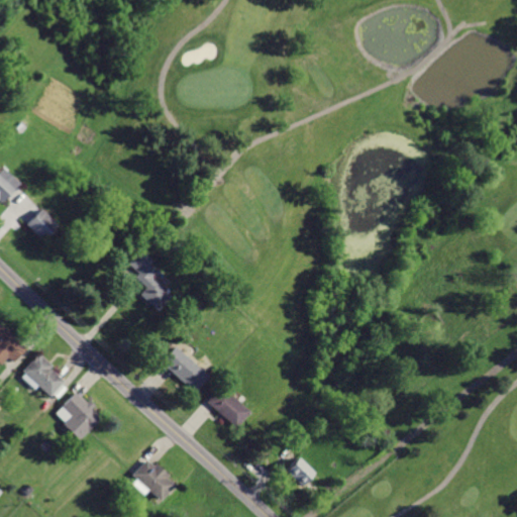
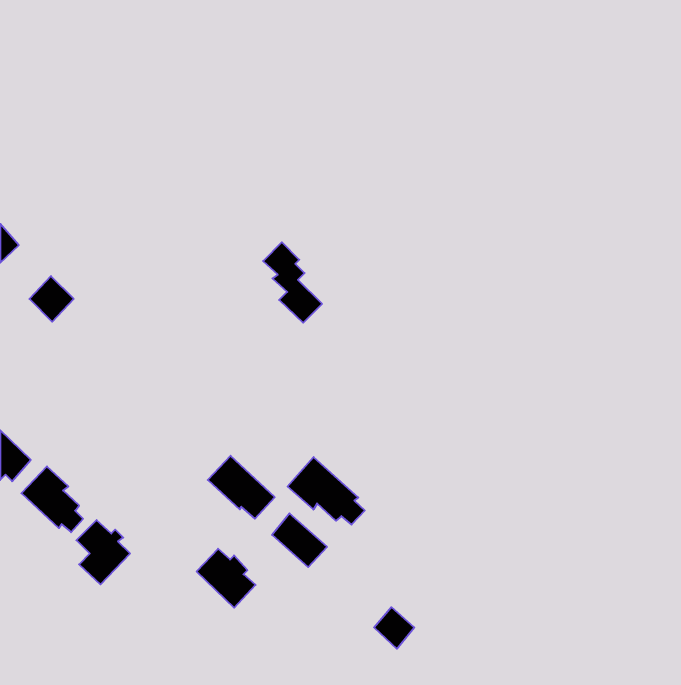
building: [126,248,171,309] -> [263,242,322,323]
building: none -> [288,457,365,525]
building: [131,457,176,502] -> [197,549,256,608]

